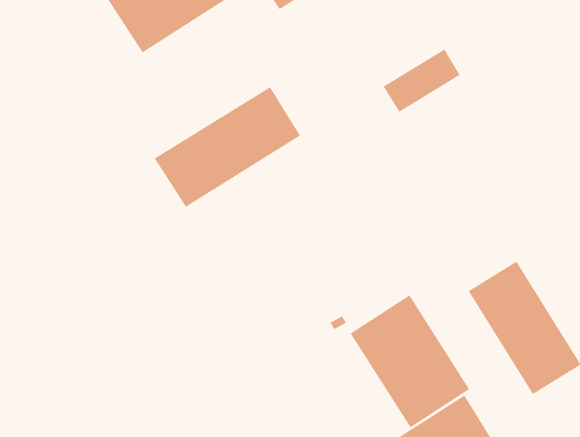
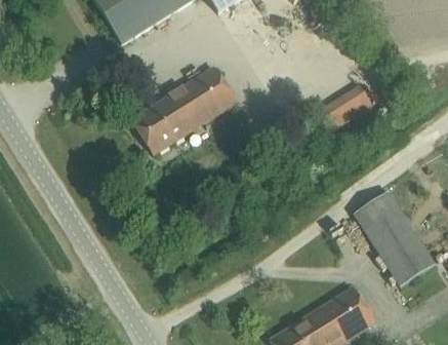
building: [383,49,461,112] -> [317,85,372,130]
building: [350,294,470,428] -> none

